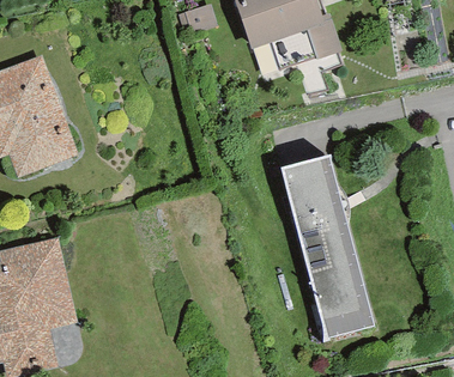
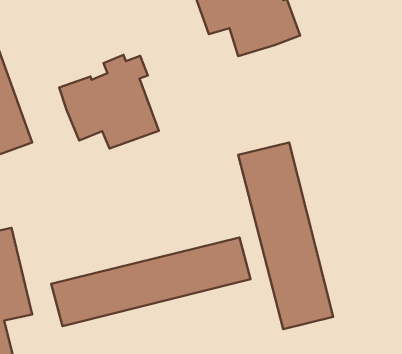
building: none -> [59,55,159,148]
building: none -> [51,237,250,326]

